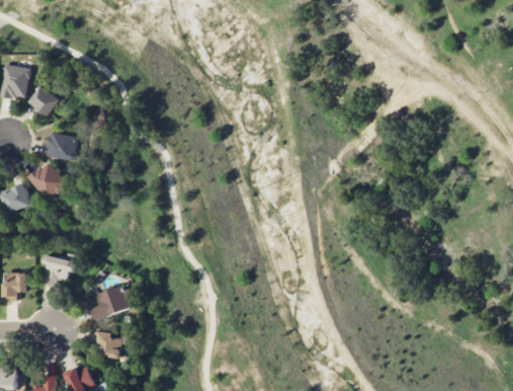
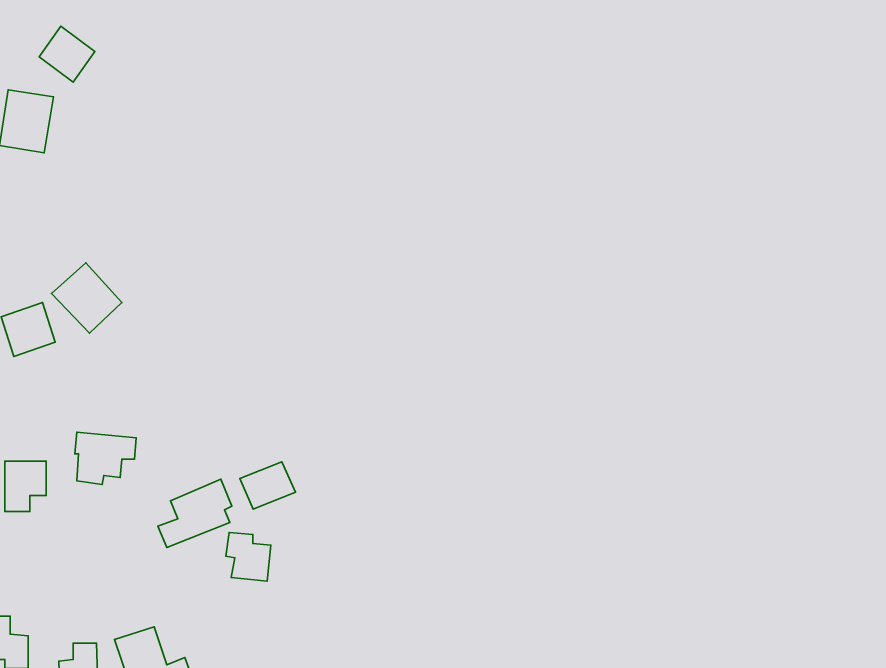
building: [29,85,61,116] -> [39,26,95,82]
building: [48,132,79,160] -> none
building: none -> [240,462,295,509]
building: [97,331,122,359] -> [226,533,271,581]

